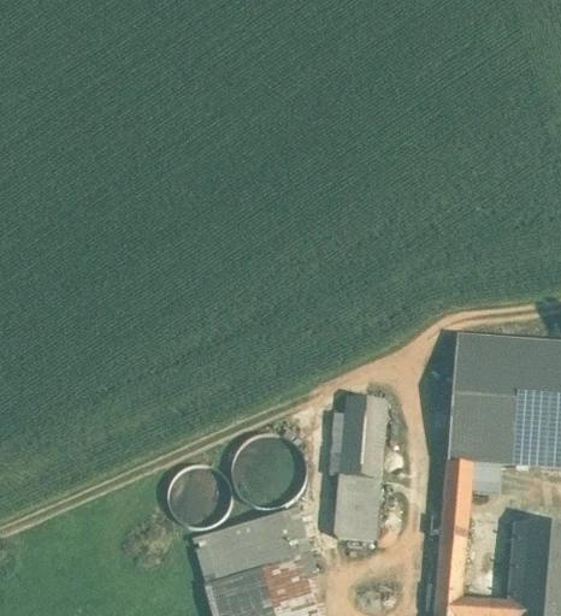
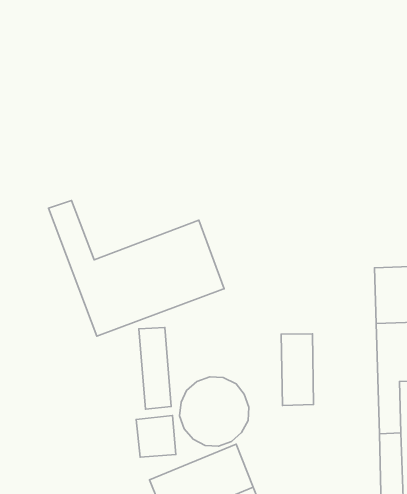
building: none -> [48,200,224,336]
building: none -> [139,328,171,409]
building: [337,474,377,540] -> none

